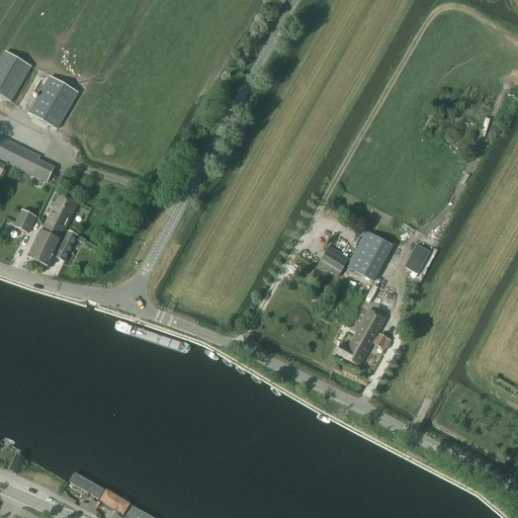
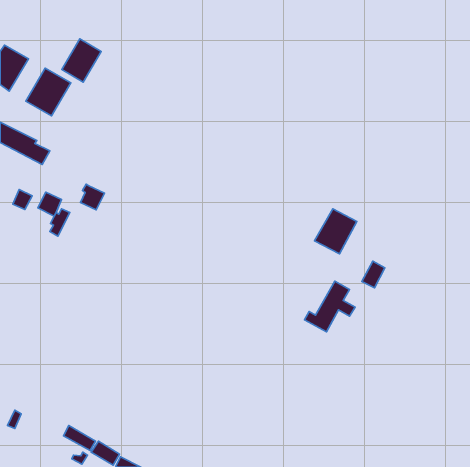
building: none -> [62,39,101,82]
building: [51,191,77,220] -> [81,184,105,210]
building: [27,229,60,265] -> none
building: [404,243,429,272] -> [362,261,385,288]
building: [319,246,349,276] -> none

